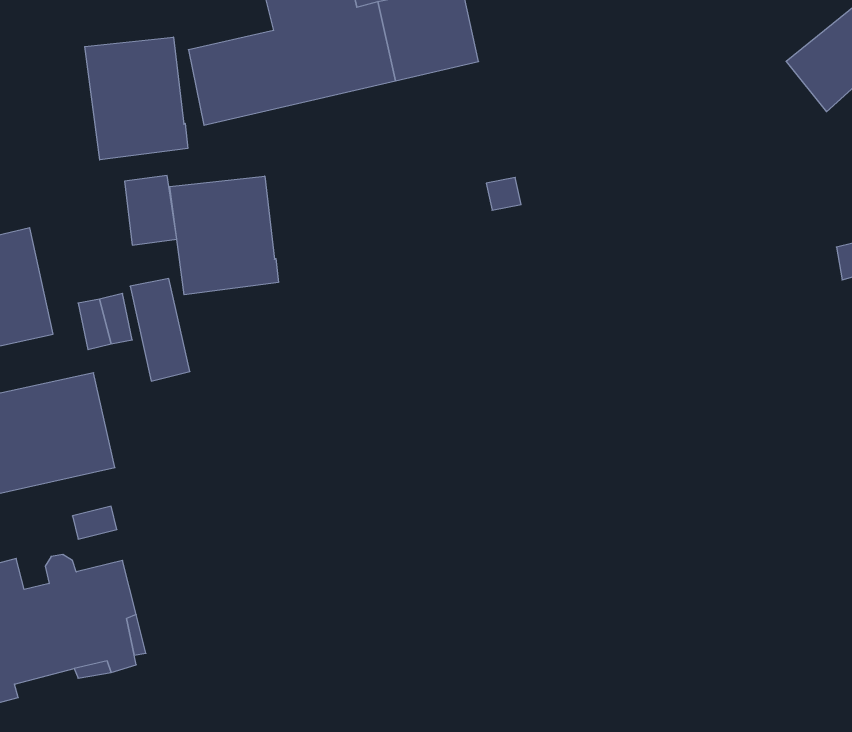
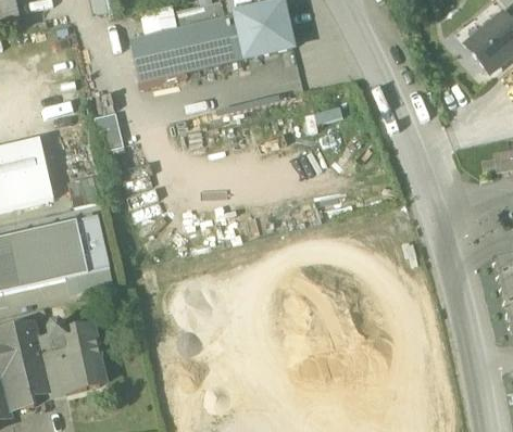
building: [85,37,188,160] -> none
building: [170,176,278,295] -> none
building: [130,279,190,381] -> [76,214,110,271]

